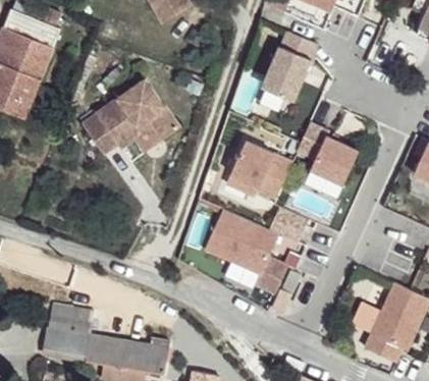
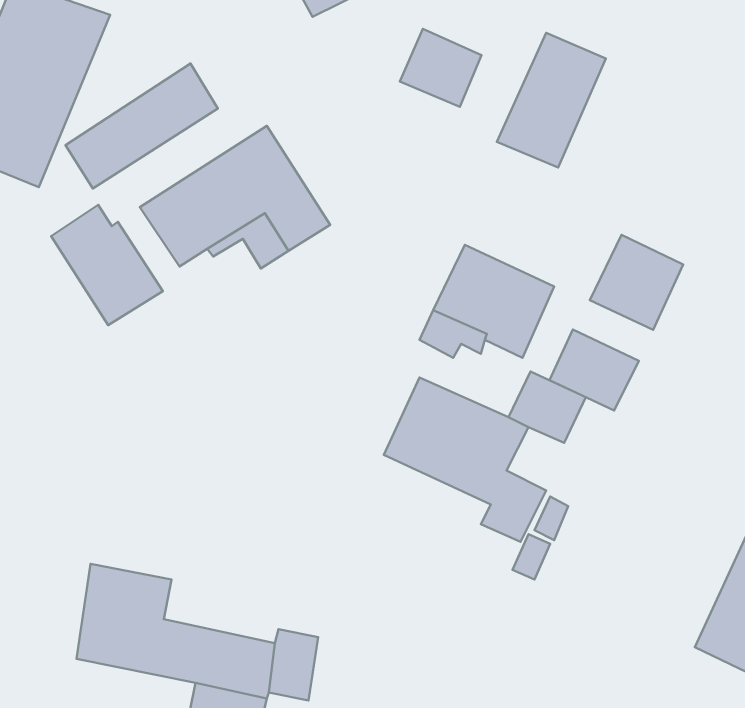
building: none -> [400,29,482,107]
building: none -> [65,64,218,189]
building: none -> [51,205,163,325]
building: none -> [549,329,639,411]

